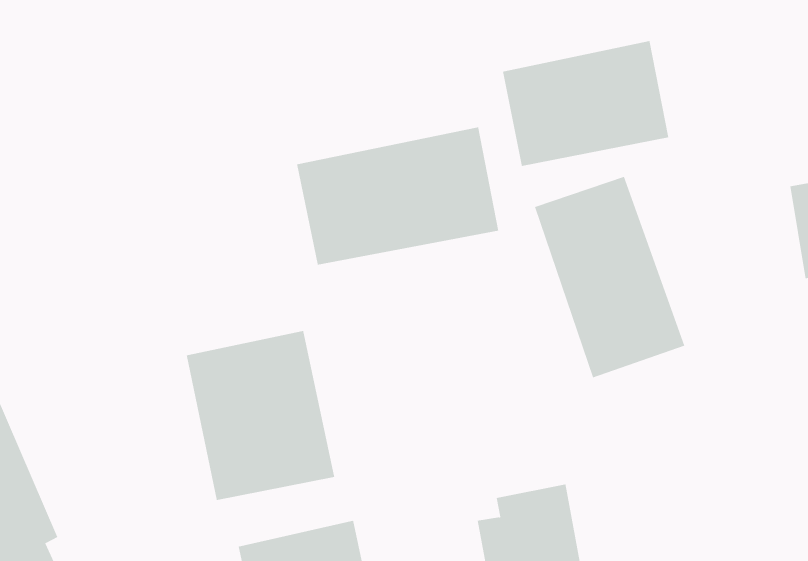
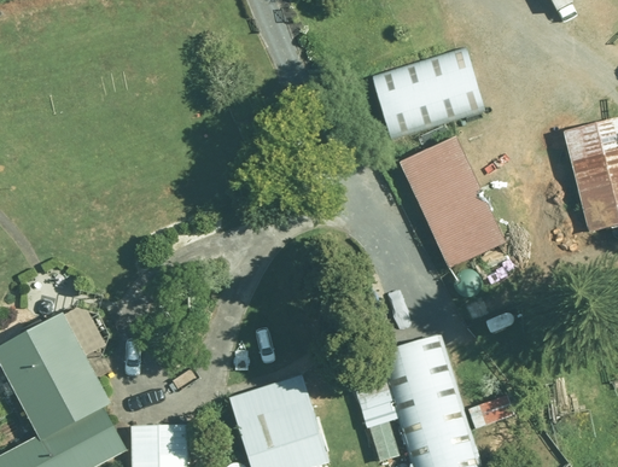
building: [297,127,499,266] -> none
building: [186,330,335,501] -> none

